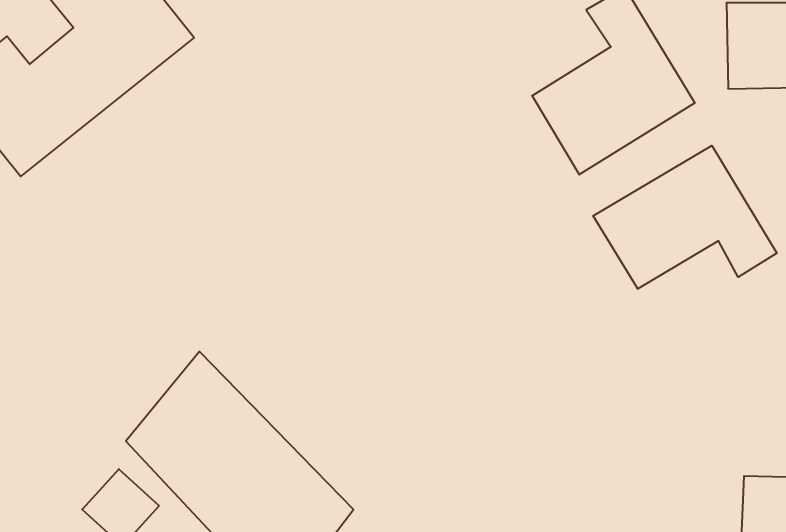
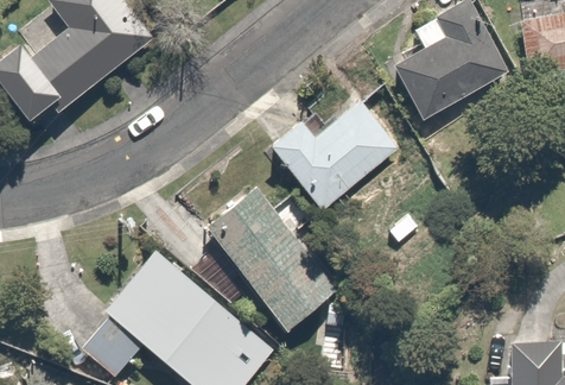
building: none -> [275,102,400,206]
building: [593,146,777,289] -> none
building: none -> [209,192,337,339]

